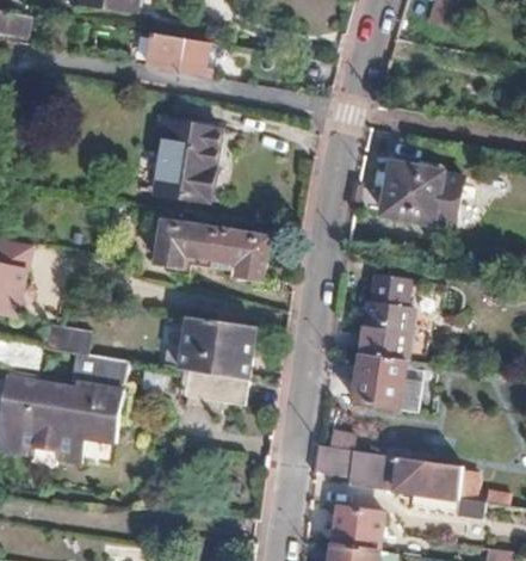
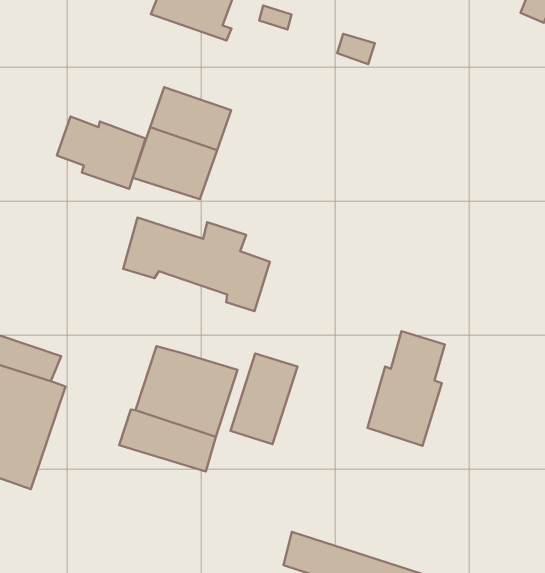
building: none -> [57,117,146,189]
building: [380,161,463,227] -> none
building: none -> [230,353,297,444]
building: [354,355,406,411] -> none

